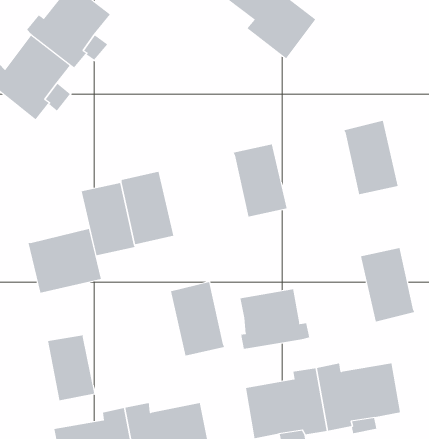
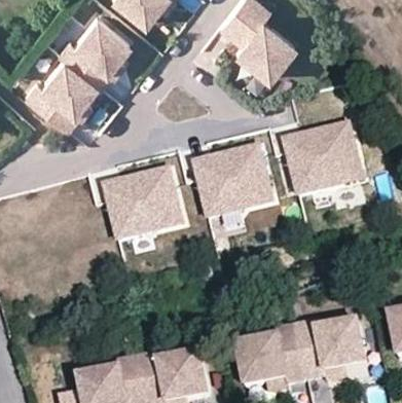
building: [28,228,101,293] -> none
building: [360,247,415,322] -> [286,135,331,196]
building: [170,281,225,356] -> [194,153,240,215]
building: [240,289,310,349] -> none
building: [47,334,95,401] -> none

